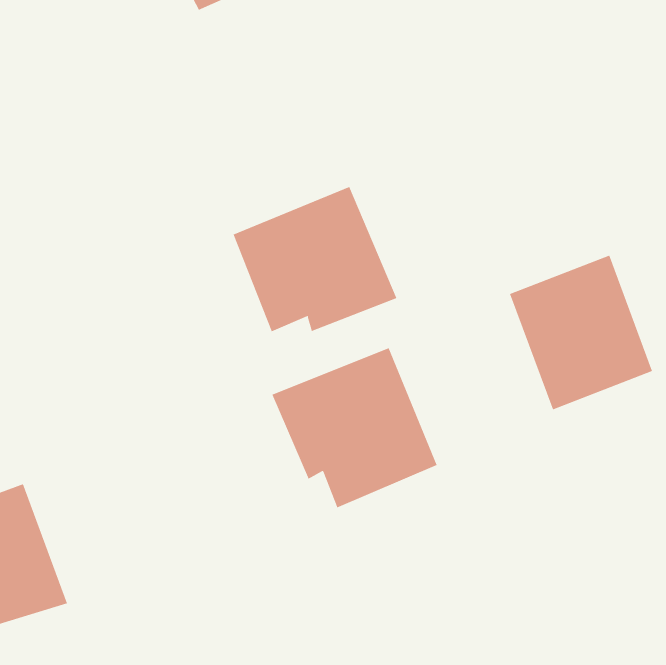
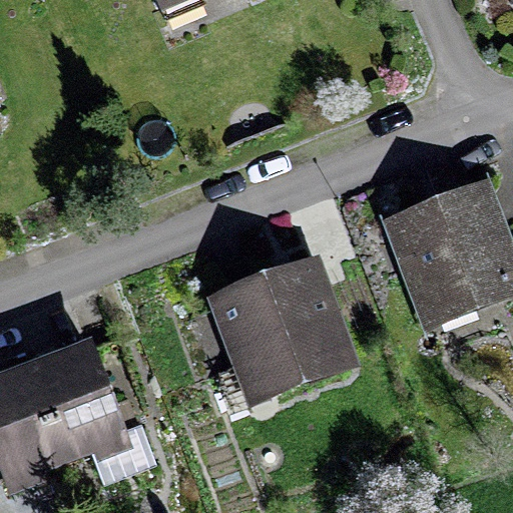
building: [233,186,397,332] -> none
building: none -> [23,337,142,479]

